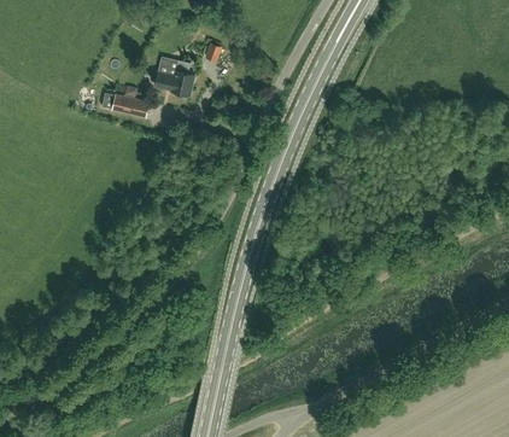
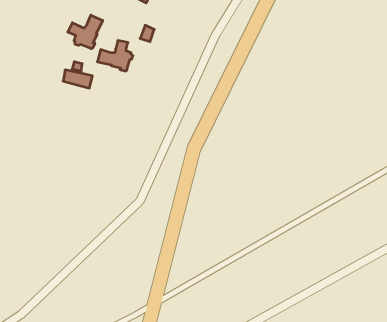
building: none -> [68,15,103,49]

